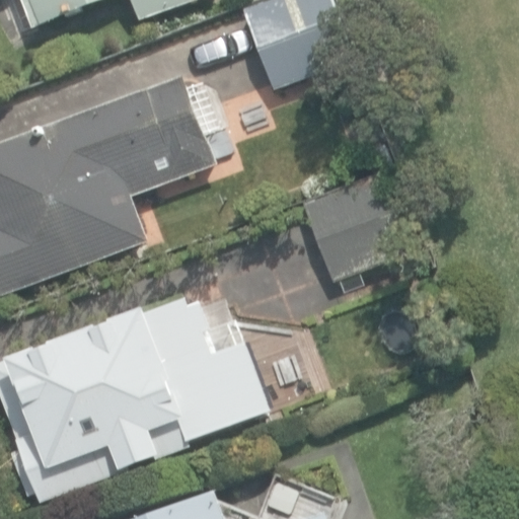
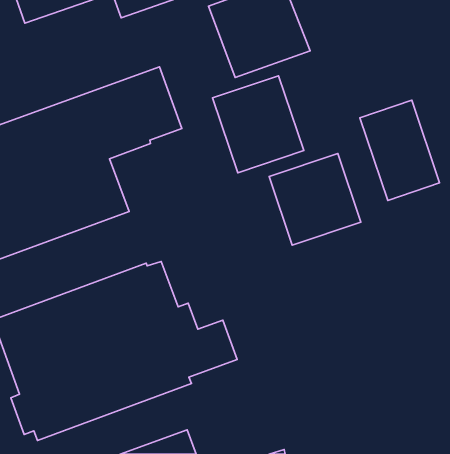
building: none -> [213,76,304,173]
building: none -> [360,100,440,200]

